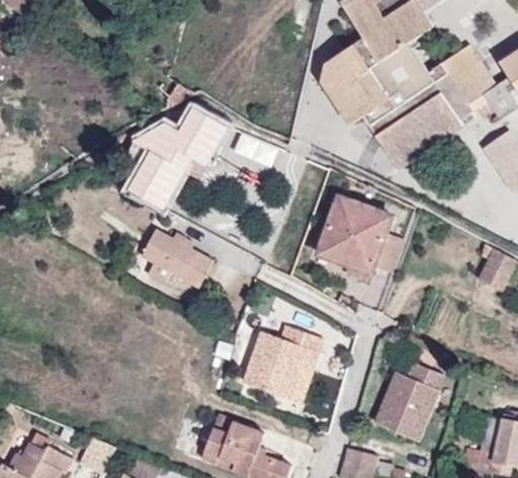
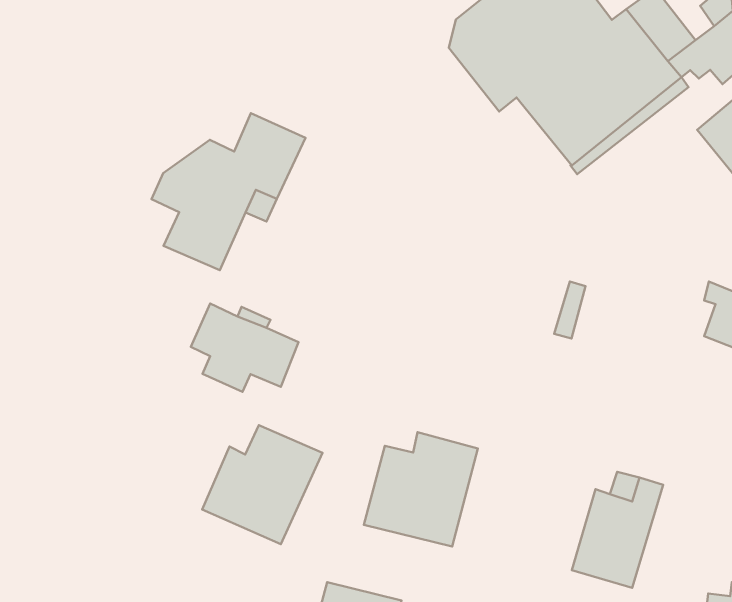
building: [323,197,390,272] -> none
building: none -> [202,425,322,544]

